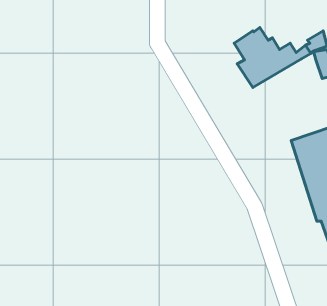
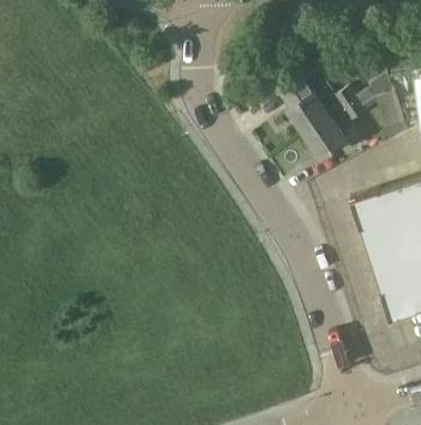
building: none -> [307,105,369,160]

